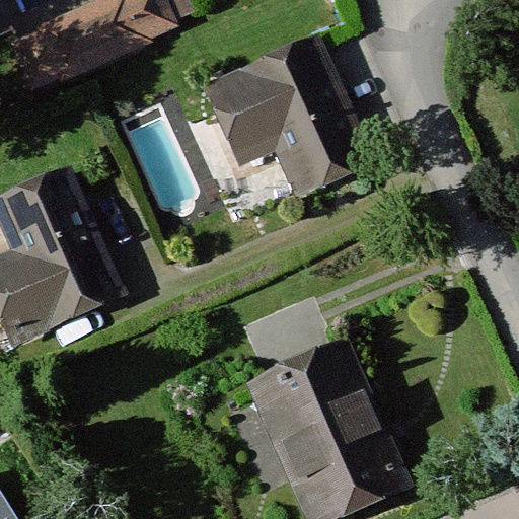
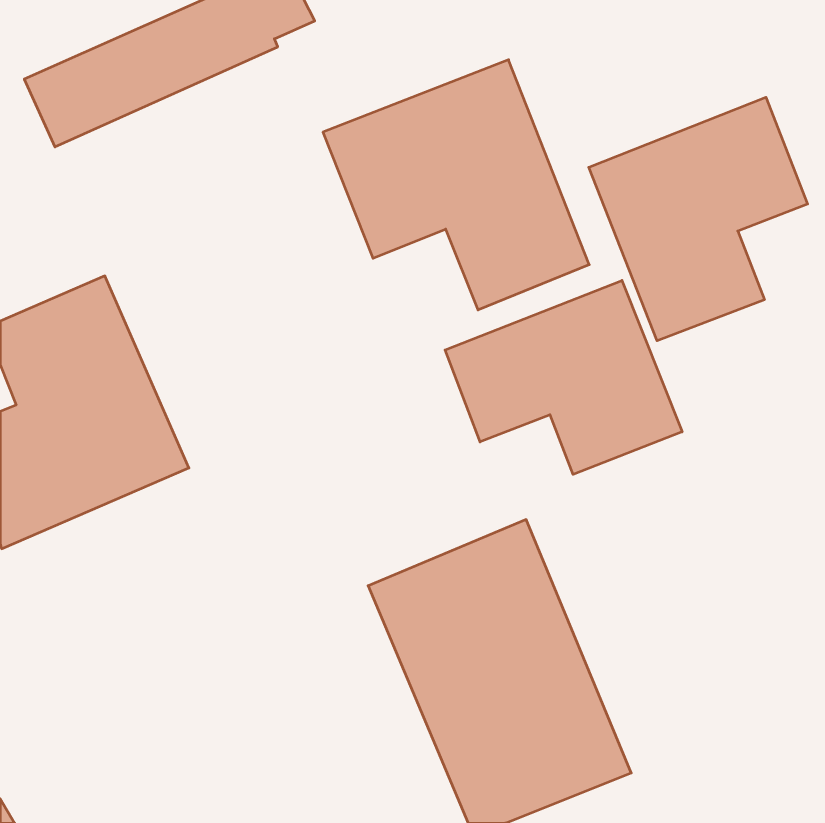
building: none -> [589,97,808,341]
building: none -> [445,280,682,474]

